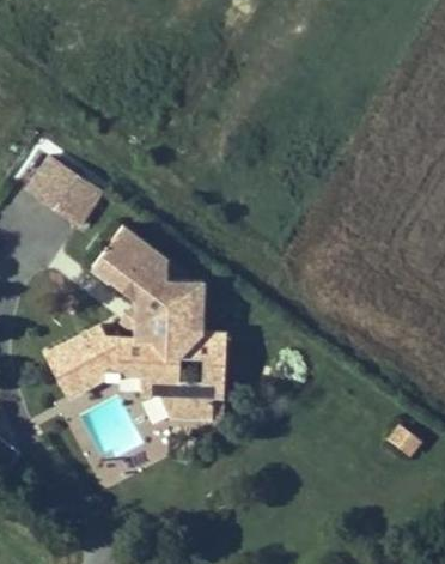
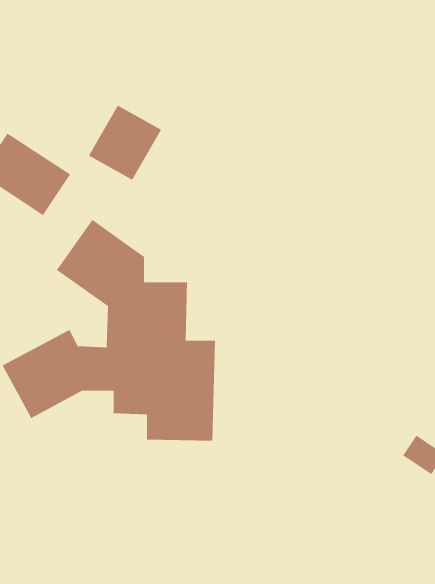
building: none -> [88,104,162,181]

